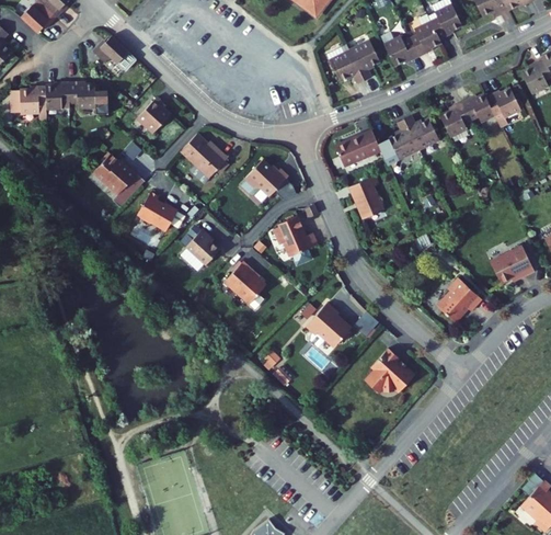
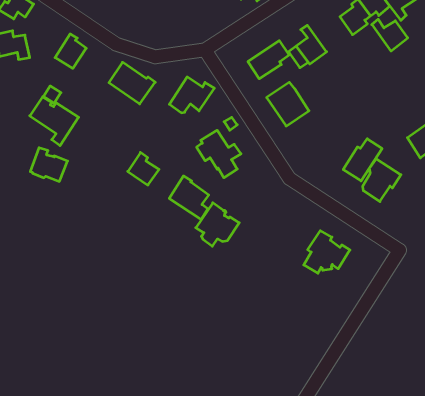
building: [404,119,439,155] -> [372,19,408,51]
building: [144,190,184,228] -> [30,148,68,181]
building: none -> [343,139,382,181]
building: [305,301,351,346] -> [196,203,239,246]

